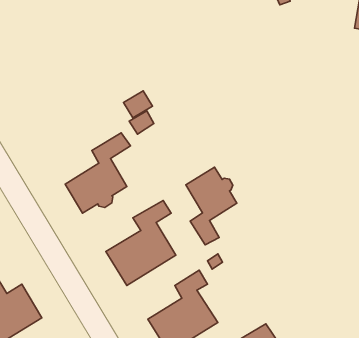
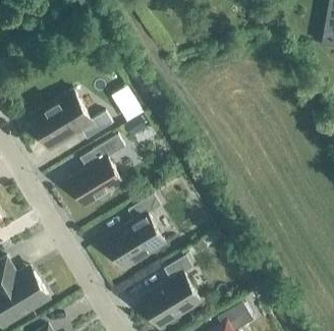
building: none -> [31,92,112,148]
building: [186,167,237,245] -> none

